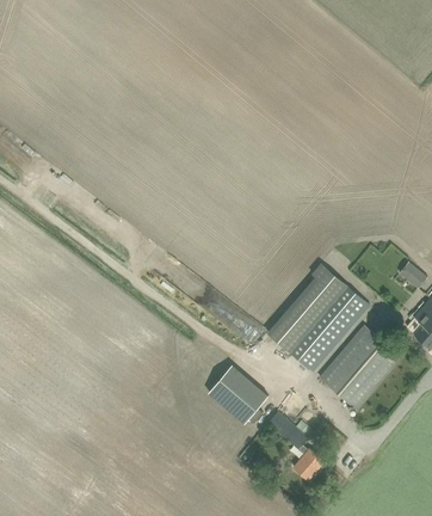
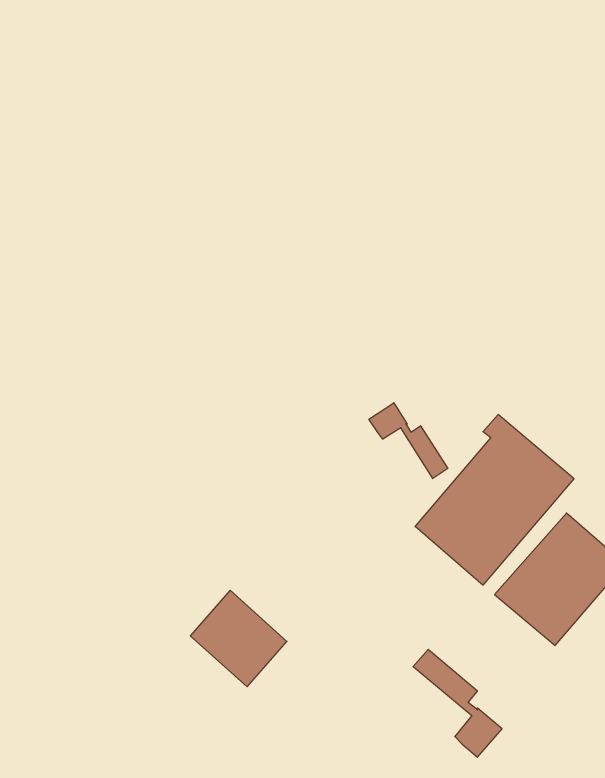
building: none -> [369,403,448,479]
building: [209,364,270,425] -> [190,590,287,687]

